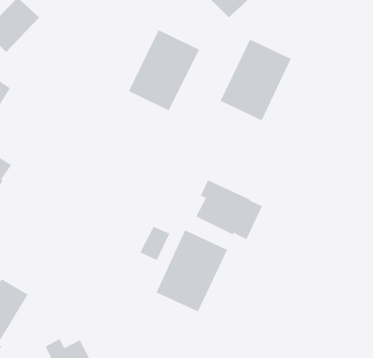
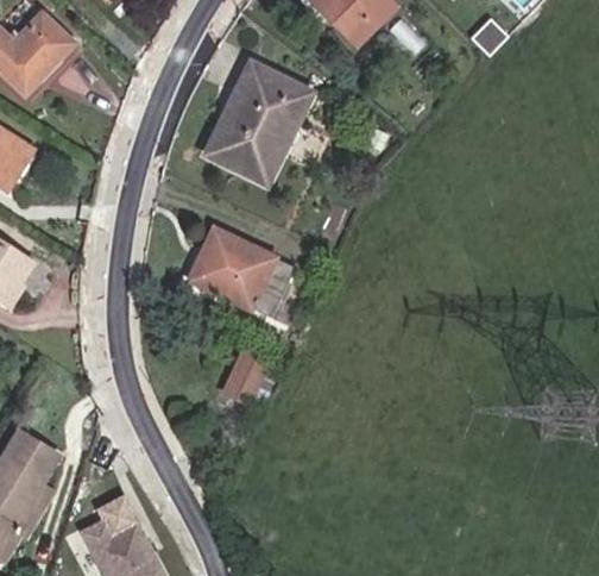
building: [220,39,291,121] -> none
building: [195,180,263,240] -> [195,227,295,317]
building: [156,229,228,312] -> none

